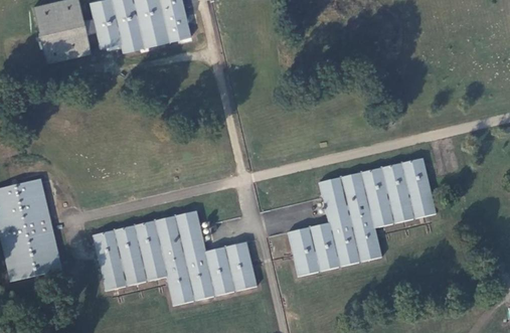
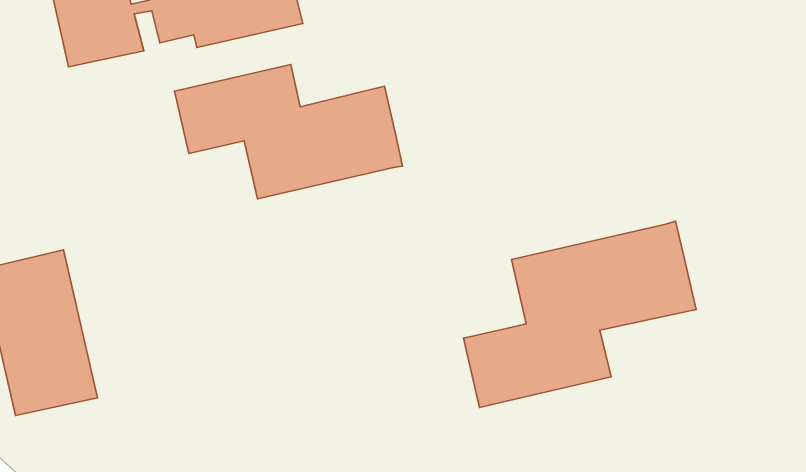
building: none -> [175,64,403,199]
building: [94,211,256,305] -> none

